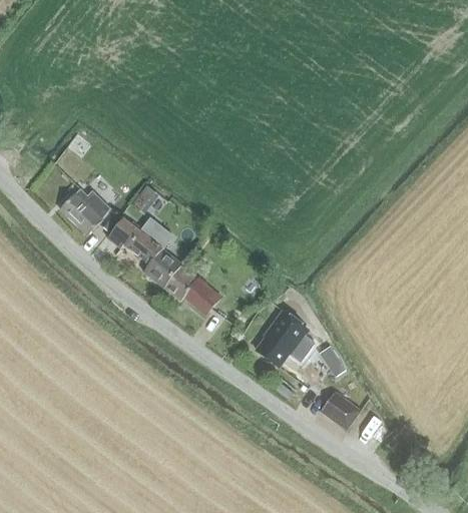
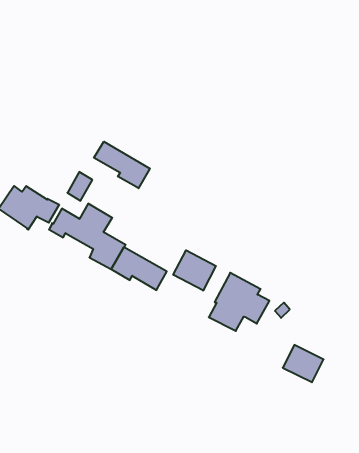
building: none -> [94,142,150,188]
building: none -> [173,250,216,291]

